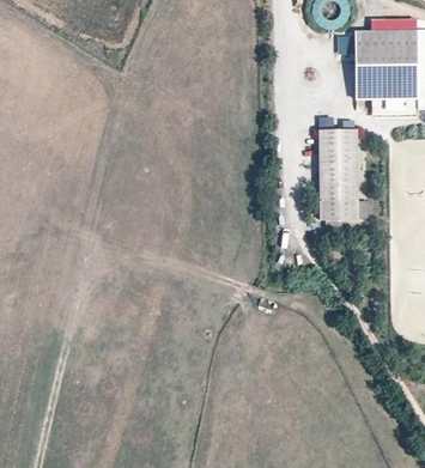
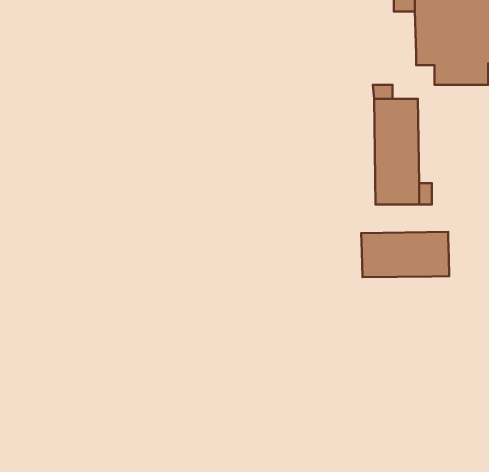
building: none -> [361,232,449,277]

